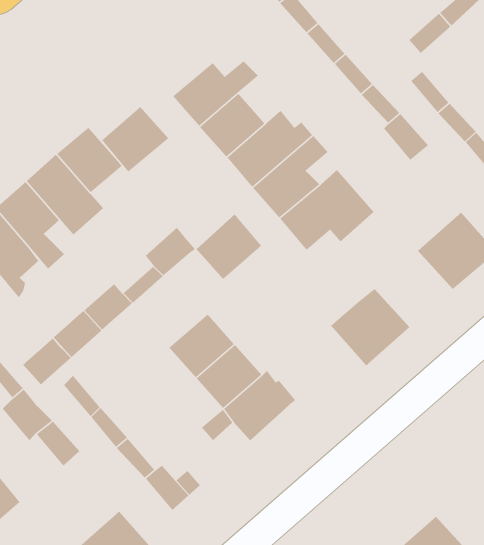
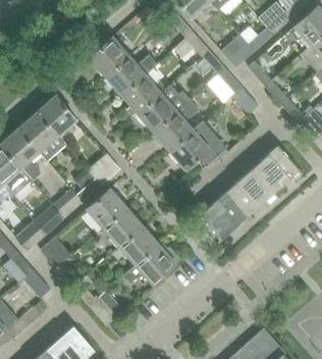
building: none -> [221,35,255,67]
building: [101,106,169,172] -> [90,37,130,76]
building: [196,213,262,280] -> [88,188,127,227]
building: none -> [227,169,274,215]

